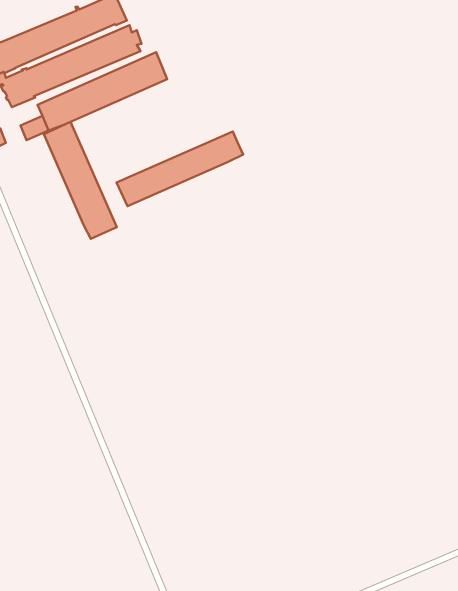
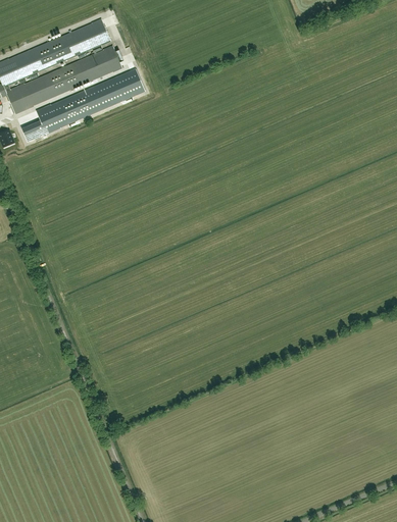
building: [44,122,117,239] -> none
building: [116,132,243,206] -> none

